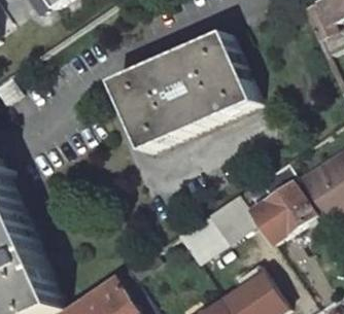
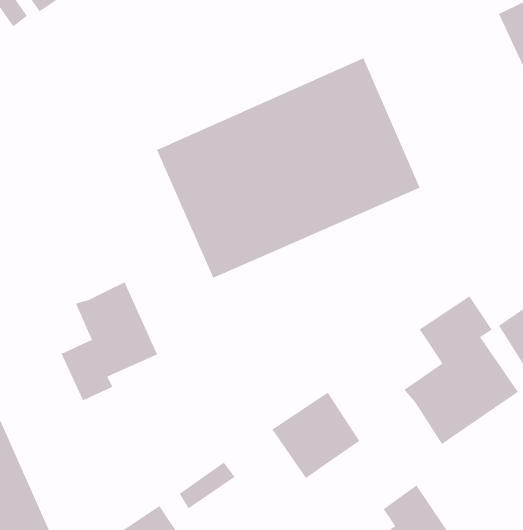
building: none -> [61,281,158,401]
building: [206,196,253,242] -> none

